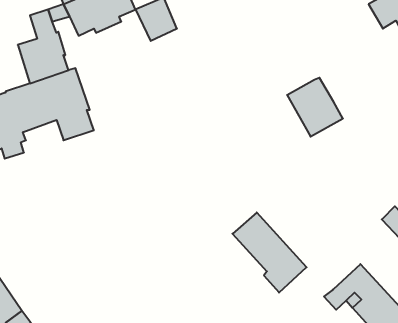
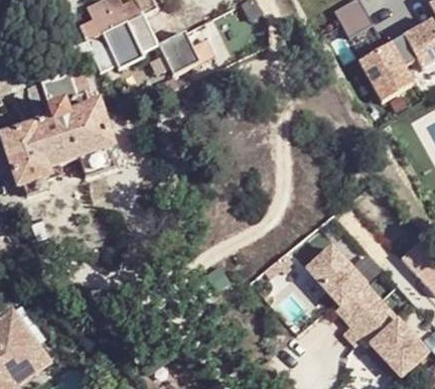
building: [287,78,343,137] -> [357,41,413,100]
building: [232,212,307,293] -> [308,245,382,325]

